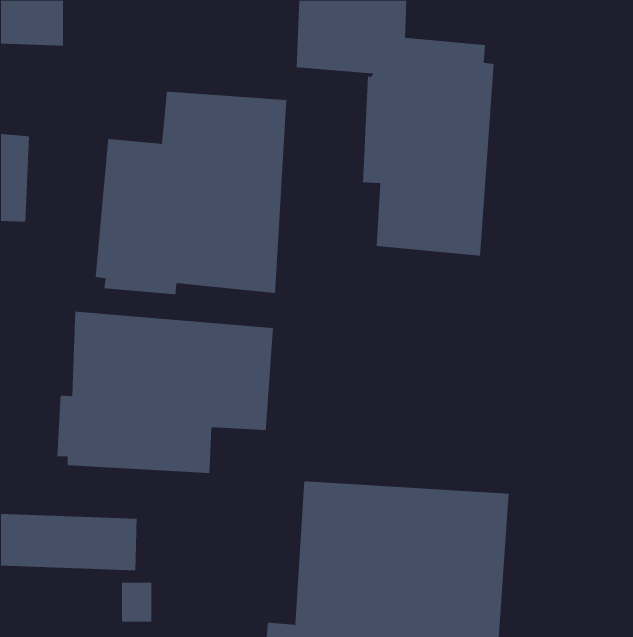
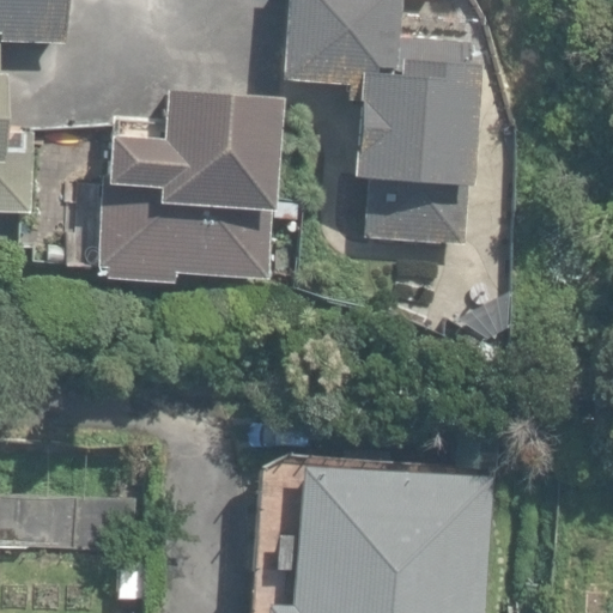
building: [57,311,273,474] -> none

